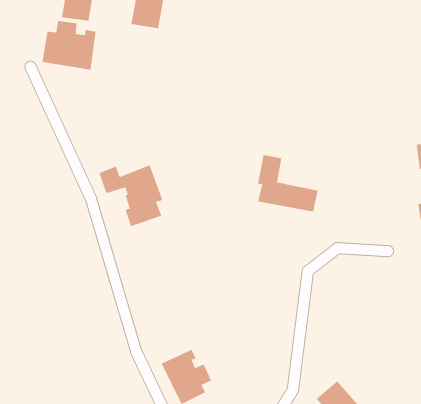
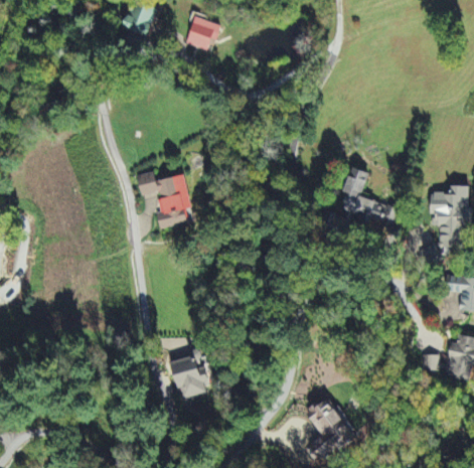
building: [42,20,96,70] -> none
building: [257,154,319,212] -> [341,167,399,226]

